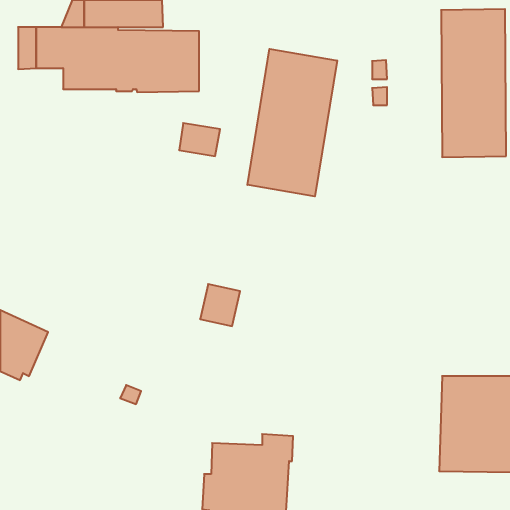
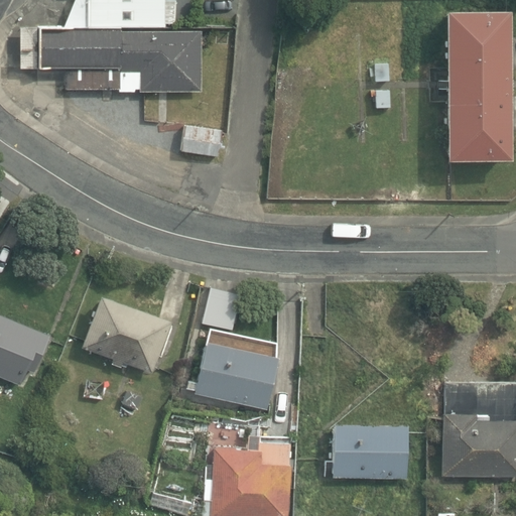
building: [247,49,337,196] -> none
building: none -> [83,295,170,371]
building: none -> [195,341,279,408]
building: none -> [334,423,408,478]

